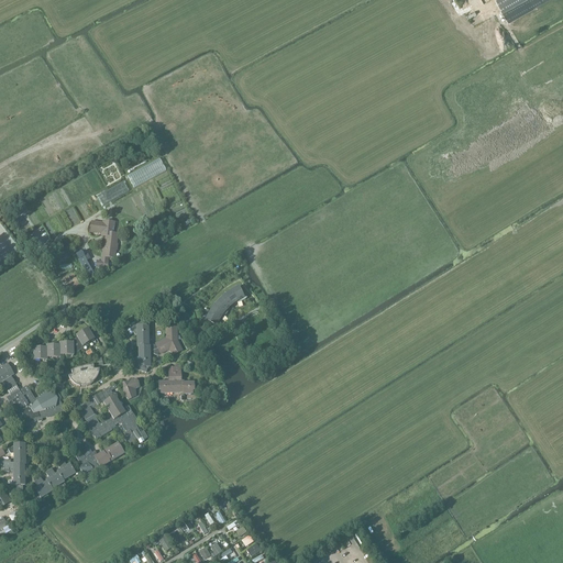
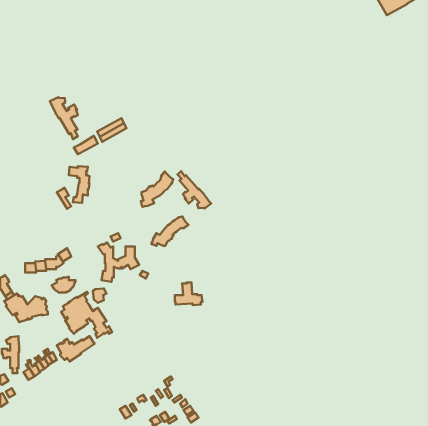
building: none -> [50,97,78,139]
building: none -> [177,171,211,208]
building: none -> [141,172,173,207]
building: [158,363,195,393] -> [175,283,202,305]

